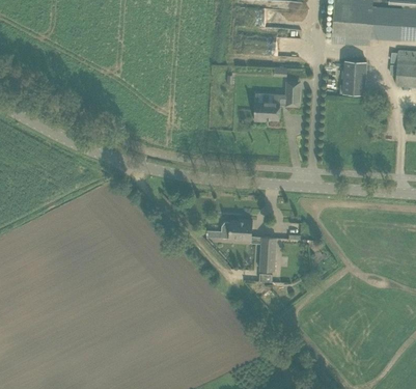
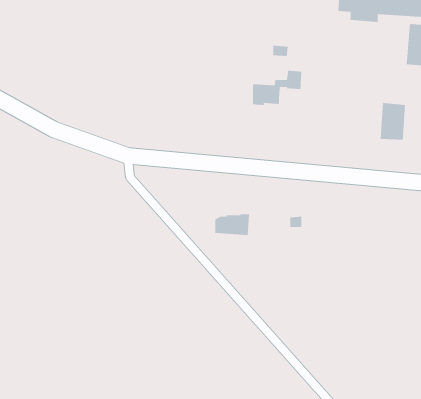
building: [342,60,366,94] -> [380,103,406,140]
building: [259,237,276,272] -> none

